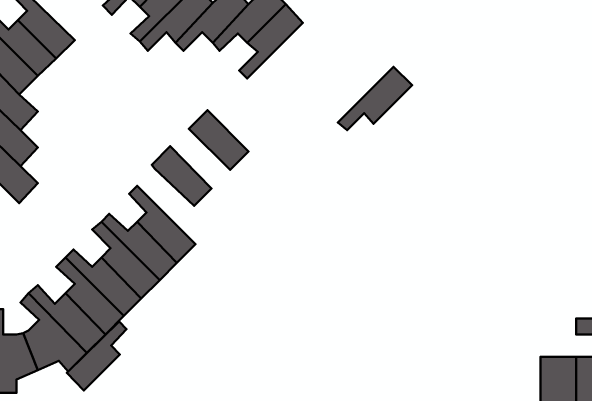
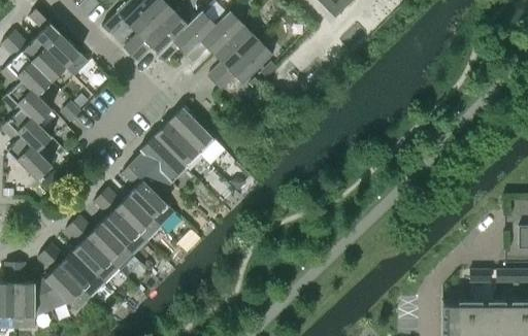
building: [338,67,412,130] -> [214,39,272,89]
building: none -> [155,122,201,168]
building: none -> [129,153,173,196]
building: [67,322,127,391] -> none

